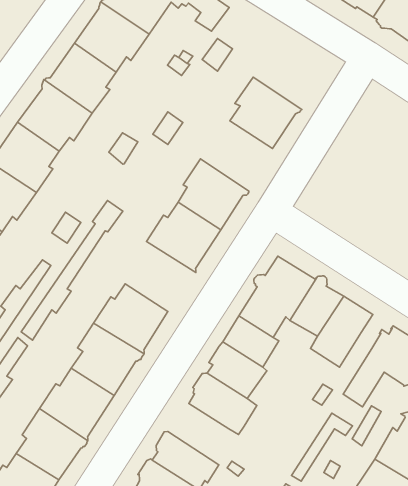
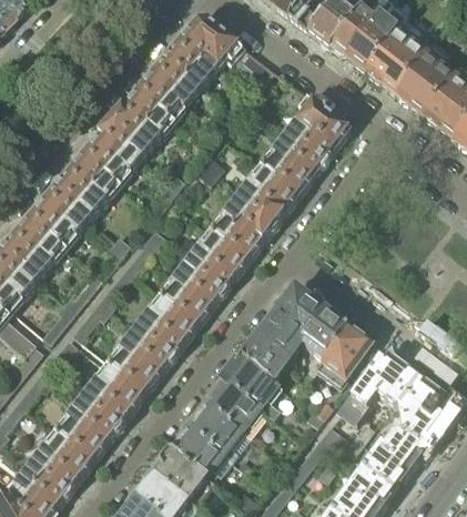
building: none -> [288,98,351,162]
building: none -> [237,166,300,227]
building: none -> [164,263,225,324]
building: none -> [190,403,250,458]

